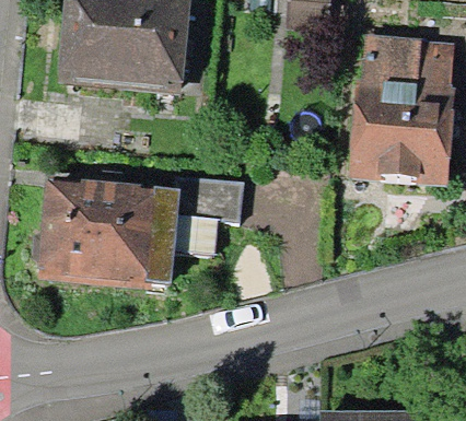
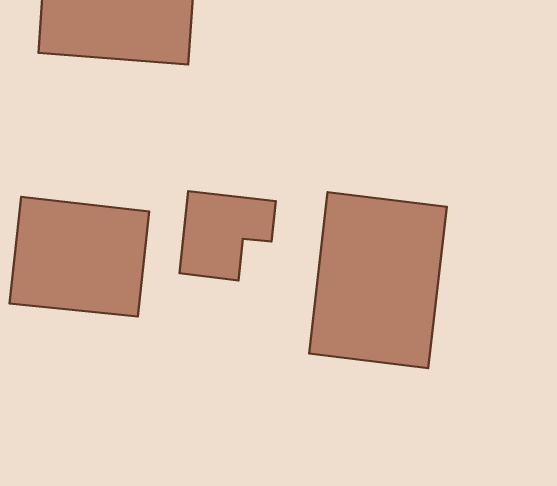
building: [362,49,450,164] -> none
building: none -> [309,192,447,368]

